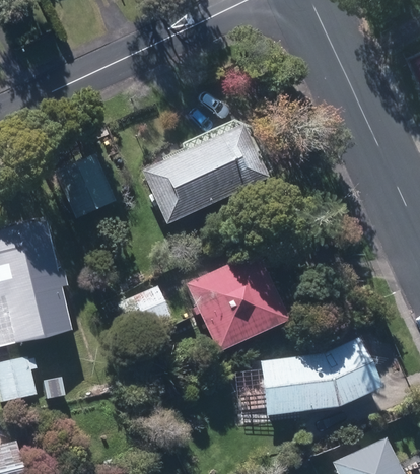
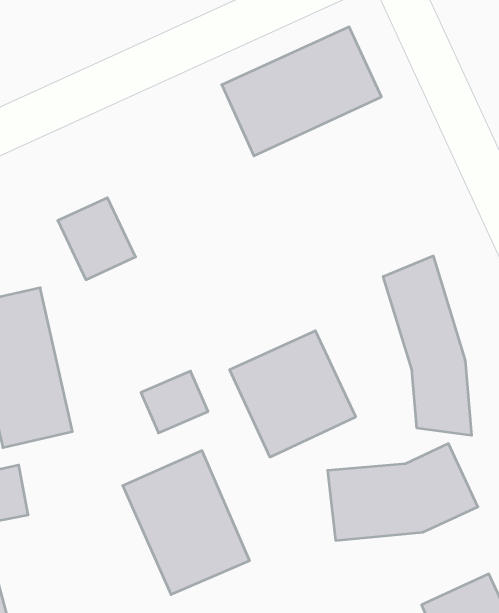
building: [142,127,263,224] -> [222,27,381,156]
building: none -> [383,256,472,435]
building: none -> [123,451,249,595]

